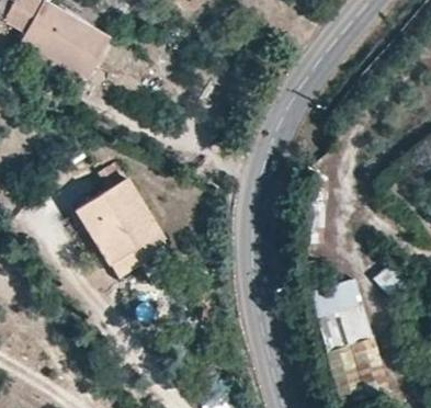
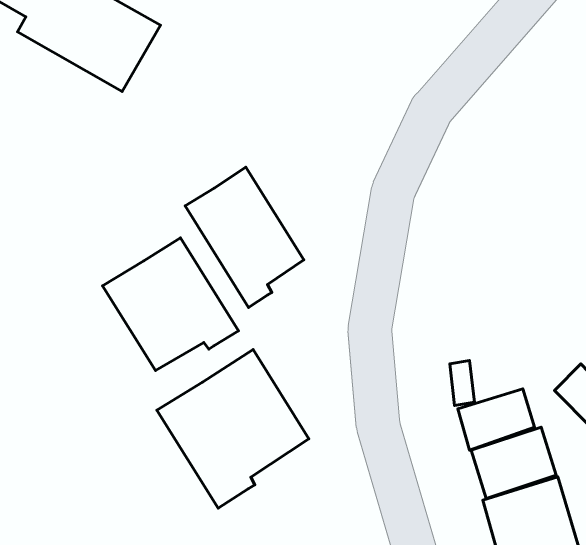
building: none -> [185,167,304,307]
building: none -> [157,350,309,508]

